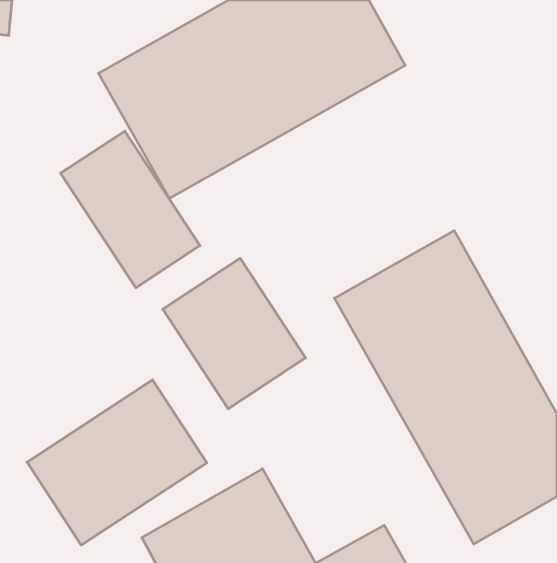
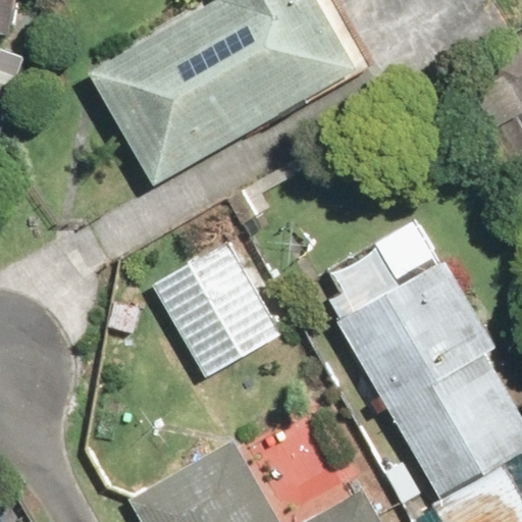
building: [61,131,200,288] -> none
building: [27,380,207,545] -> none

